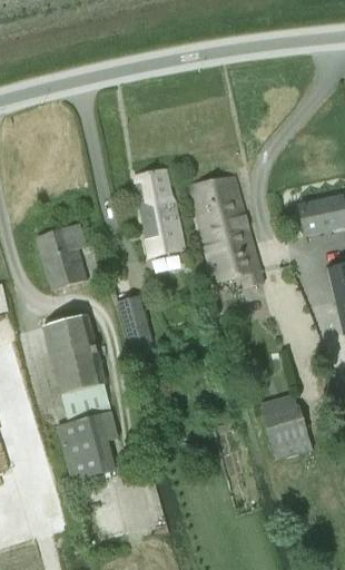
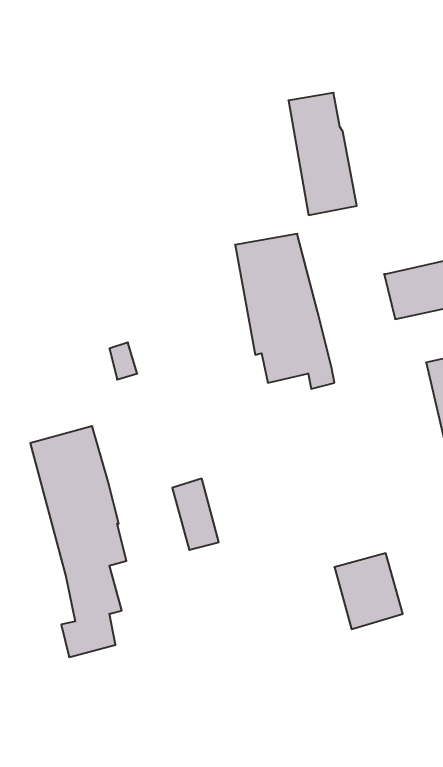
building: [134,168,183,256] -> [288,93,357,215]
building: [36,224,88,289] -> none
building: [117,294,150,345] -> [172,479,219,550]

